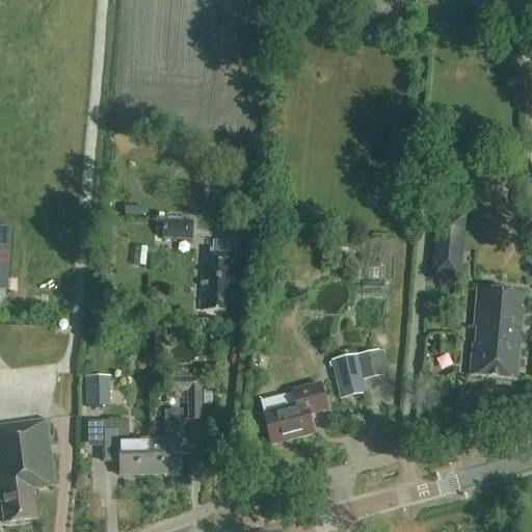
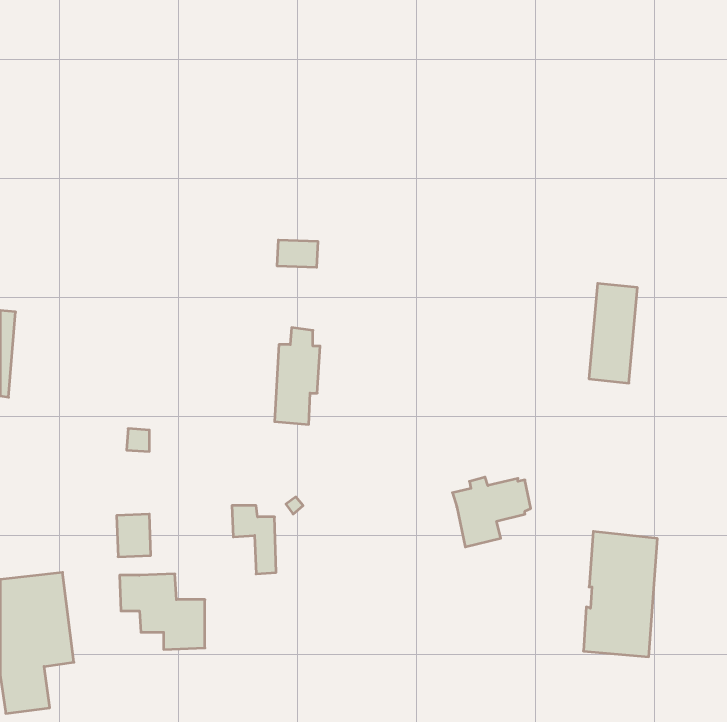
building: [163,219,193,239] -> [277,240,318,267]
building: [470,286,524,377] -> [583,531,657,657]
building: [263,381,326,443] -> none
building: [150,409,183,473] -> none

